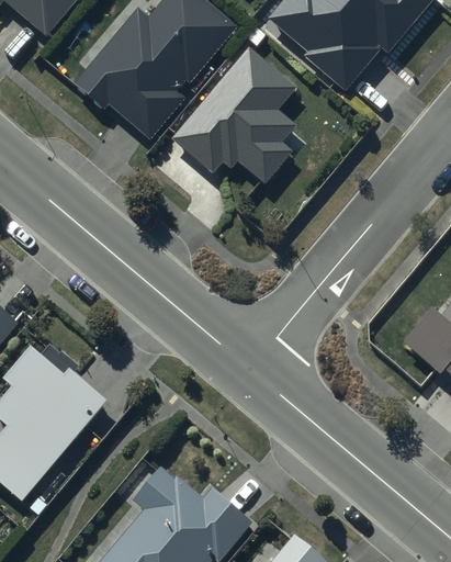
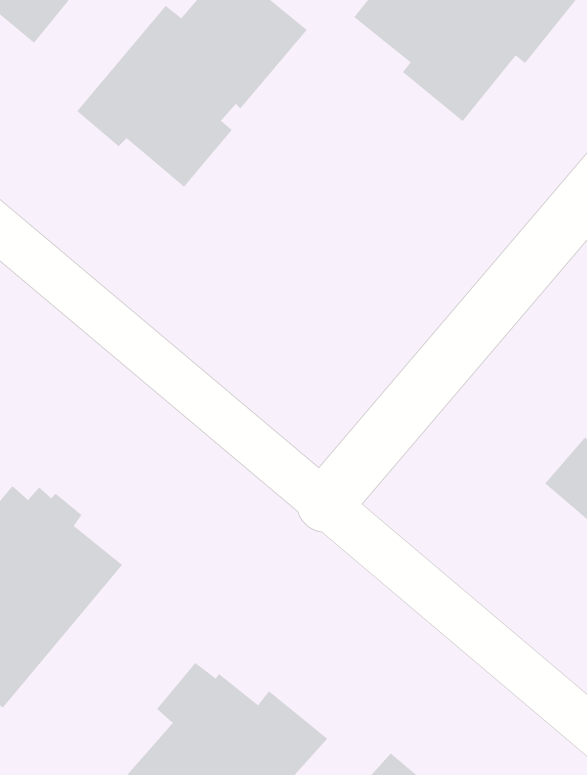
building: [173,47,295,182] -> none

